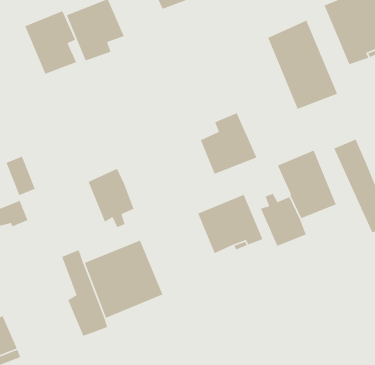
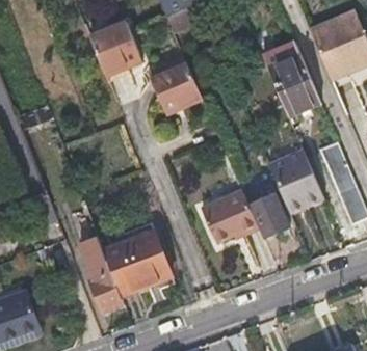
building: [24,10,77,75] -> none
building: [200,112,257,175] -> [150,56,200,110]
building: [87,168,135,228] -> none

